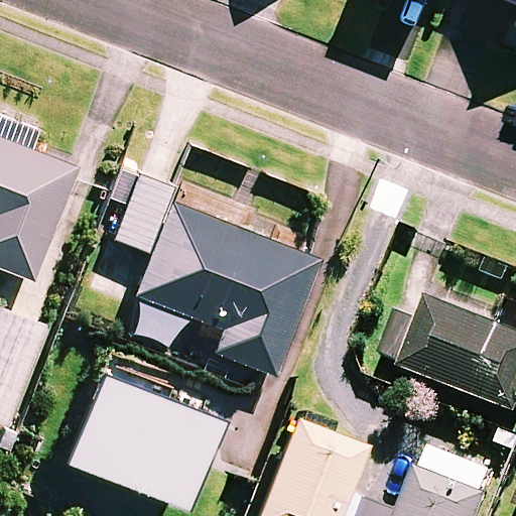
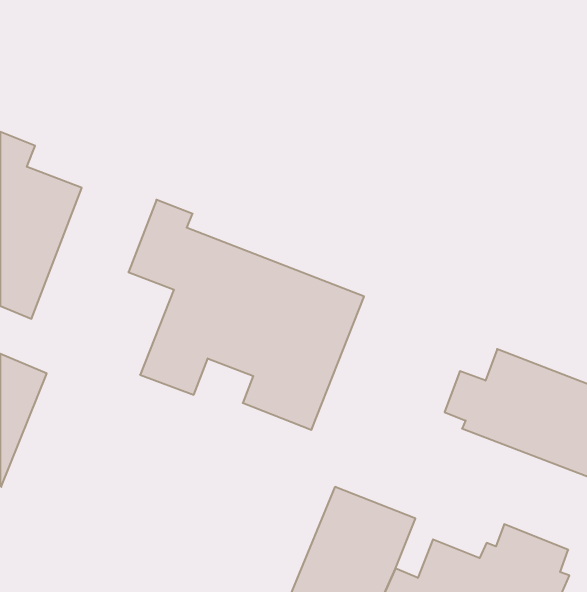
building: [55,366,214,505] -> none

